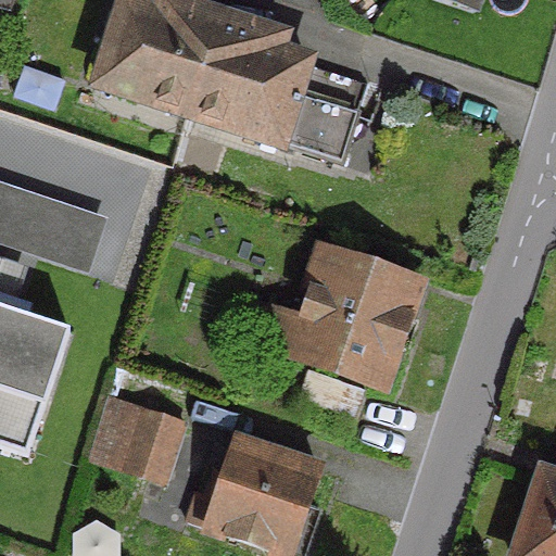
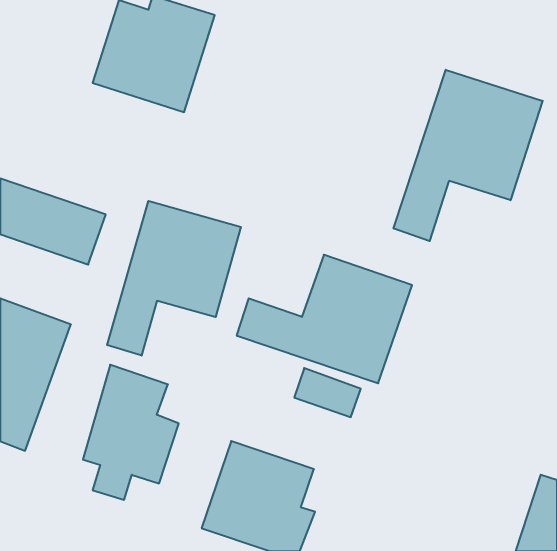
building: [184,15,362,162] -> none
building: none -> [394,70,543,241]
building: none -> [107,201,241,356]

